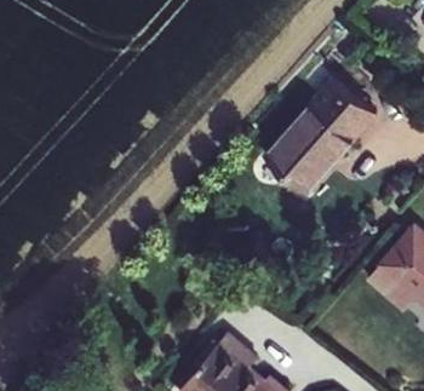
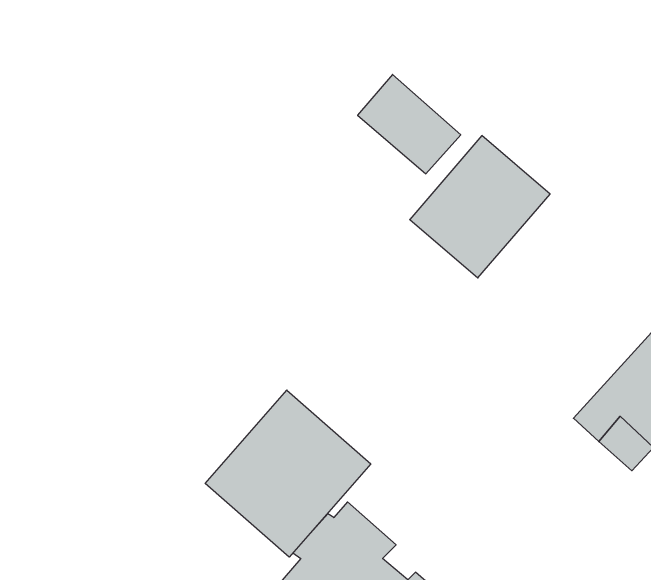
building: [310,80,374,142] -> [358,74,461,174]
building: none -> [205,390,371,557]

